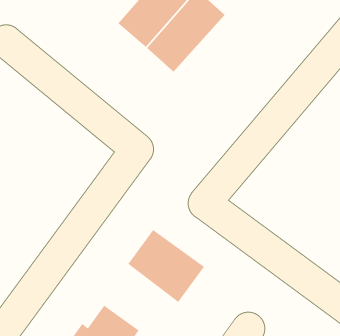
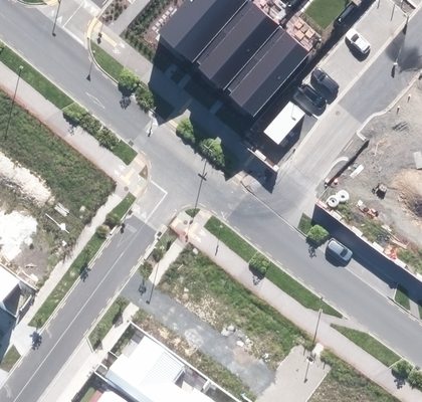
building: none -> [222,18,310,110]
building: [127,229,205,303] -> none

